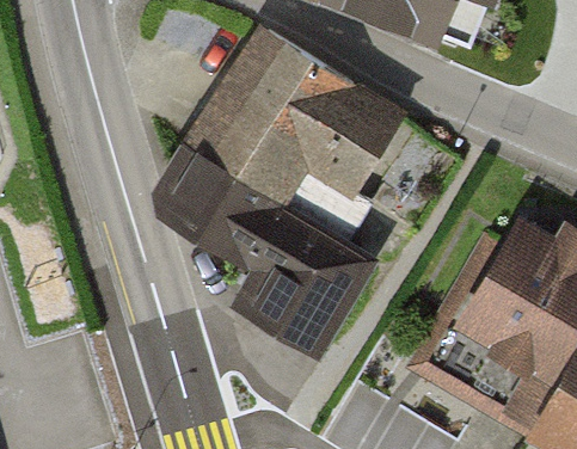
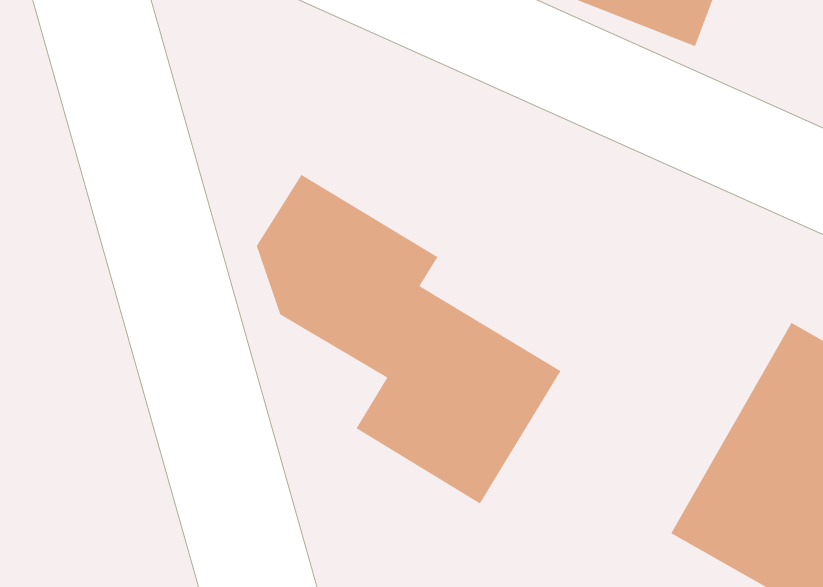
building: [210,38,400,186] -> none

